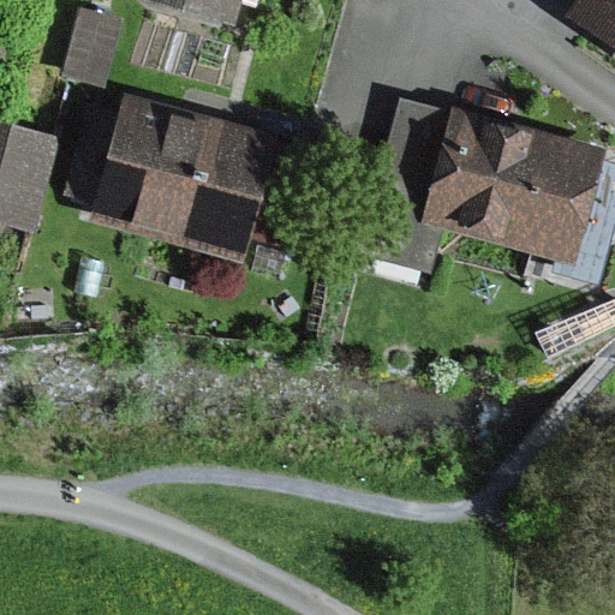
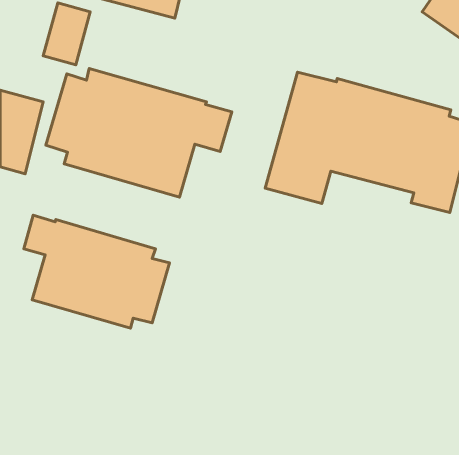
building: none -> [24,215,169,328]

